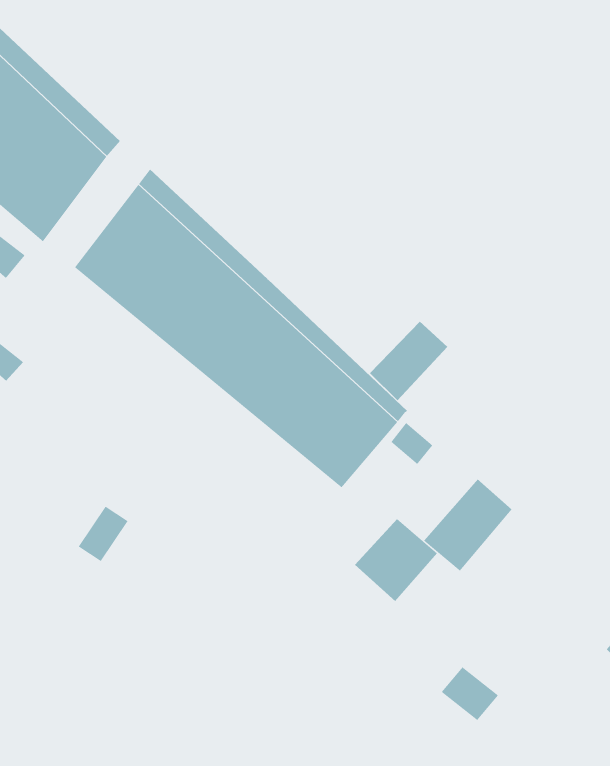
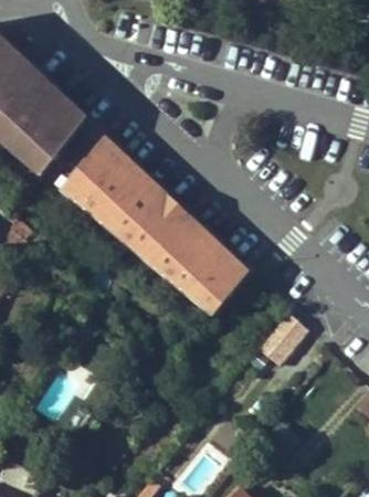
building: [369,321,448,401] -> none
building: [354,518,438,602] -> none

